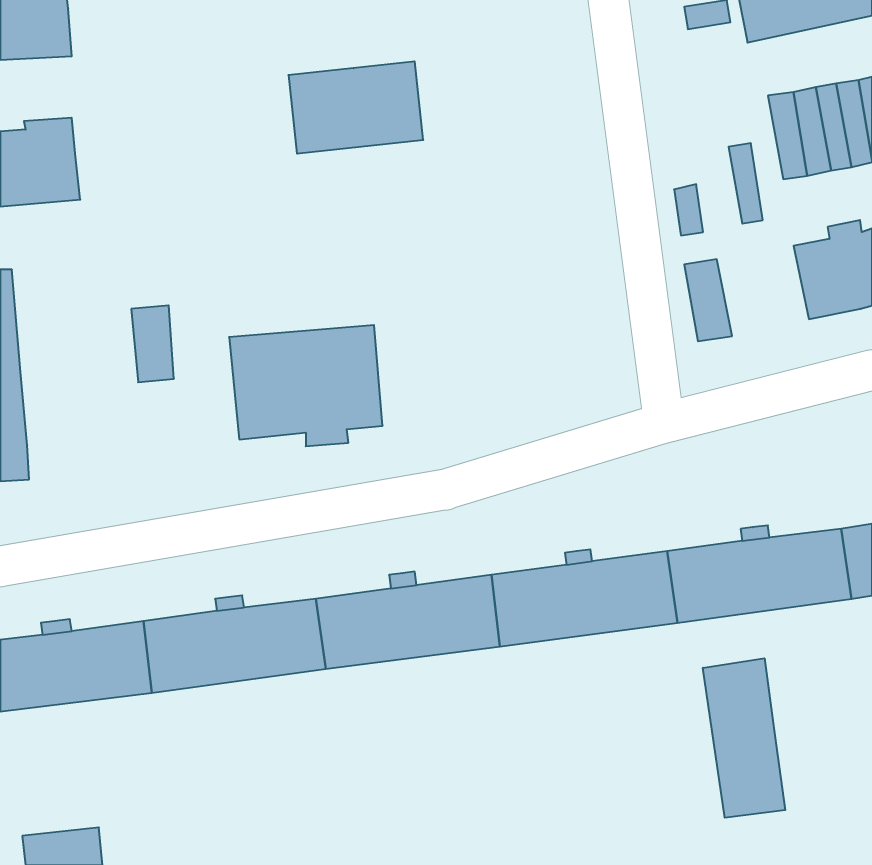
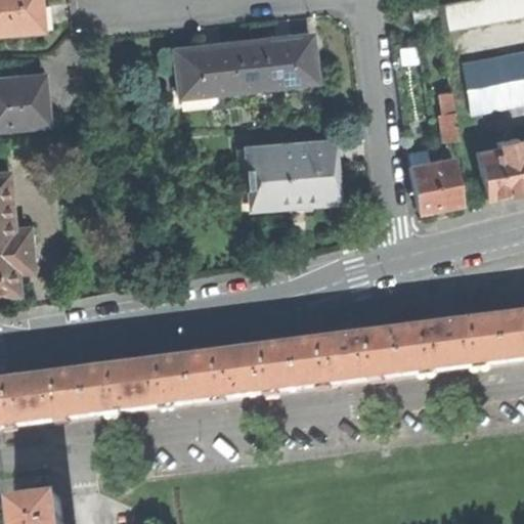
building: none -> [249,31,314,84]
building: none -> [430,151,462,202]
building: [131,305,174,382] -> [12,221,38,267]
building: [229,325,383,446] -> [245,137,337,210]
building: [703,658,785,818] -> none

